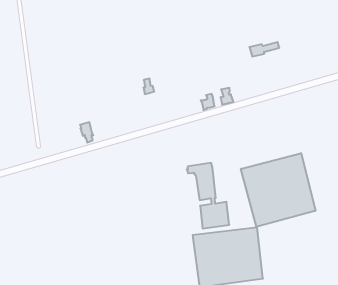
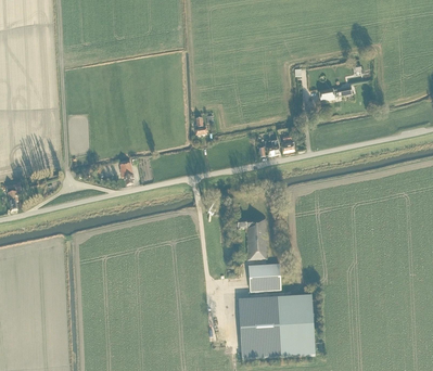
building: [241,153,315,227] -> none

